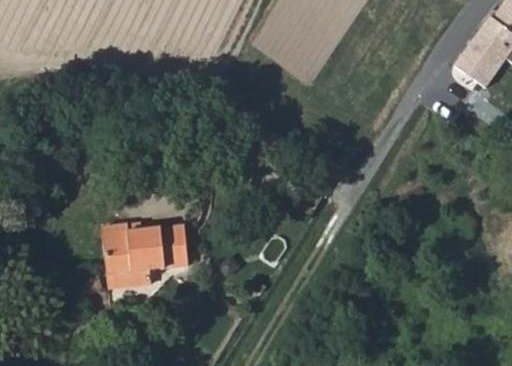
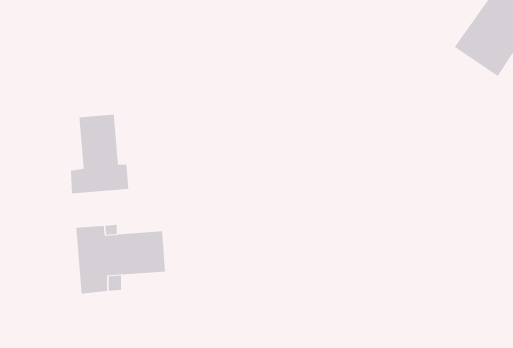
building: none -> [70,114,129,194]

